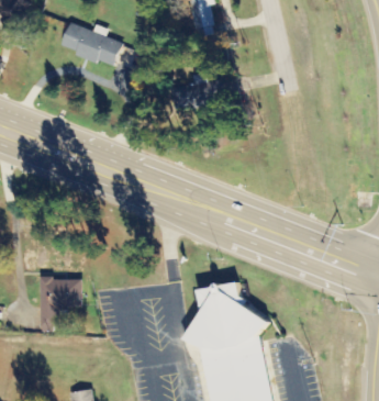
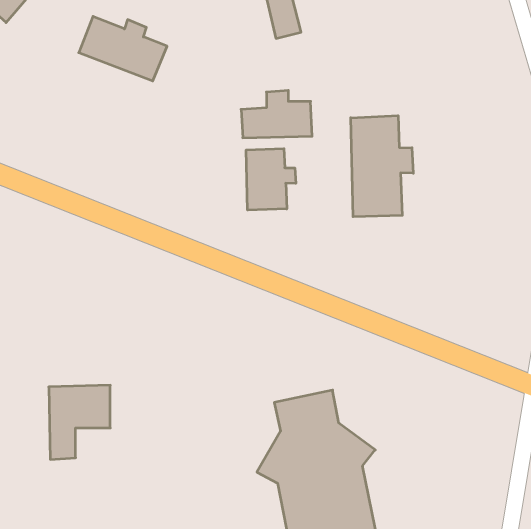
building: none -> [351,116,413,217]
building: none -> [246,149,296,210]

